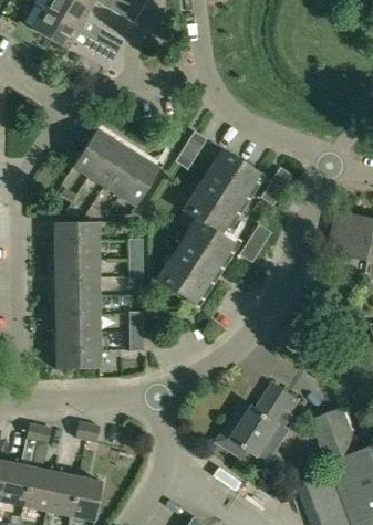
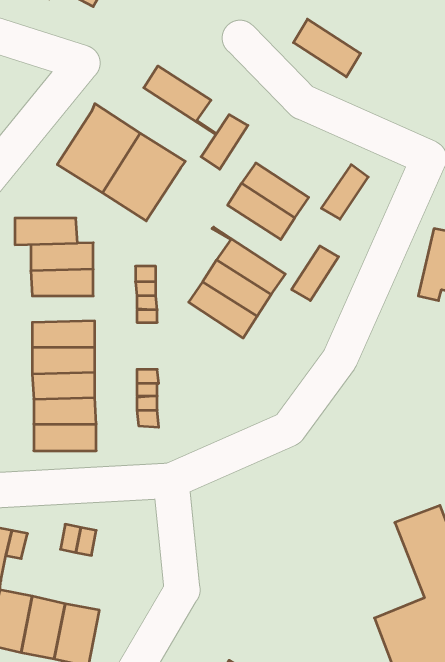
building: [214,148,261,189] -> [293,19,361,77]
building: [184,195,235,243] -> [144,66,216,135]
building: [55,259,100,277] -> [15,218,77,245]
building: [156,263,205,304] -> none
building: [217,384,300,458] -> none

